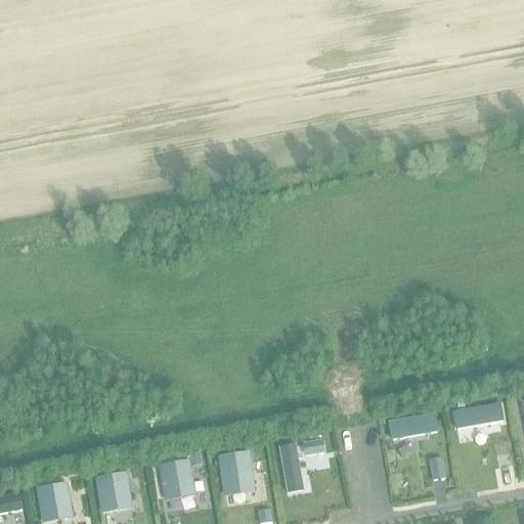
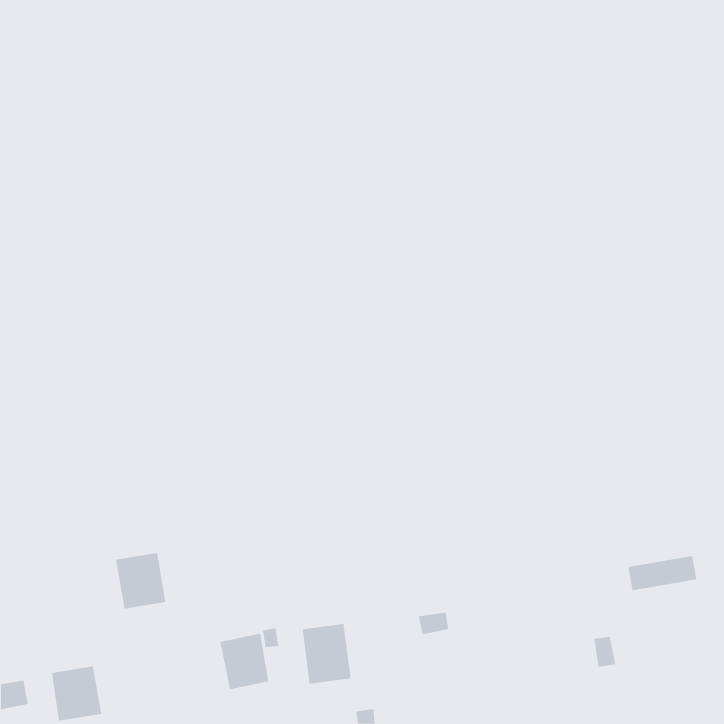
building: [388,412,438,438] -> none
building: [278,442,304,493] -> none
building: [95,471,132,512] -> [115,553,166,609]

